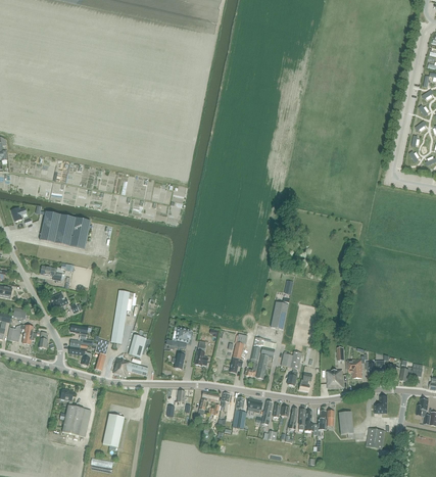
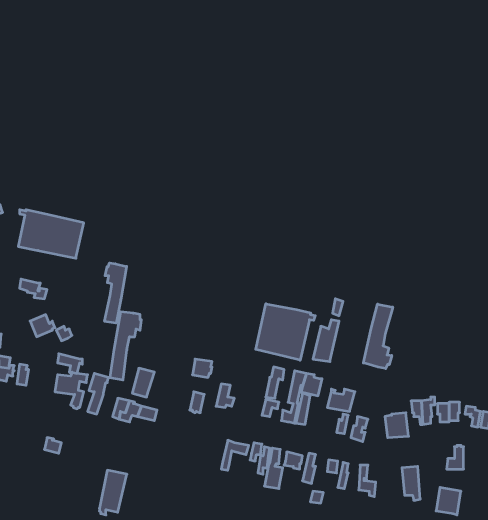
building: none -> [105,263,127,323]
building: none -> [256,304,315,360]
building: none -> [363,304,393,369]
building: [62,404,91,437] -> none

